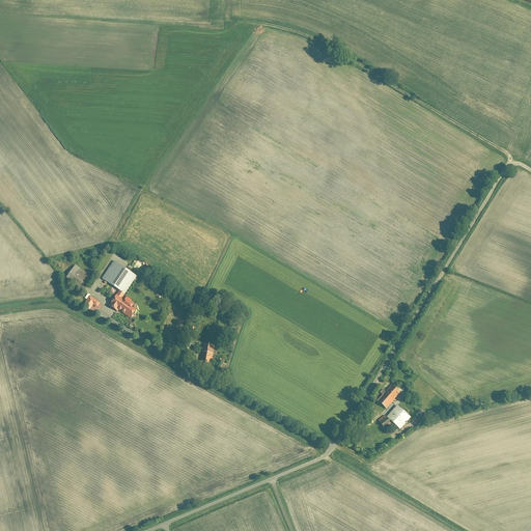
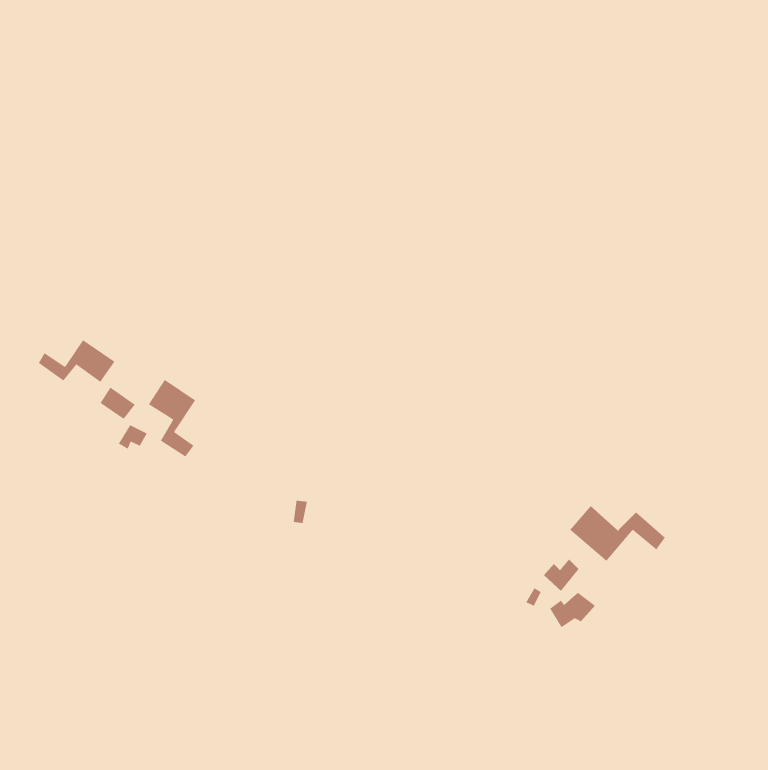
building: none -> [38,339,115,383]
building: none -> [569,505,666,562]

